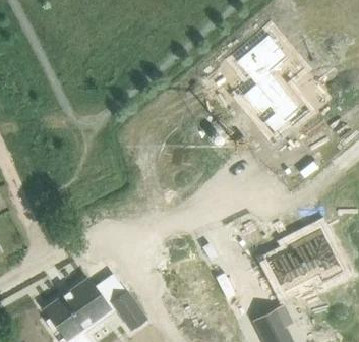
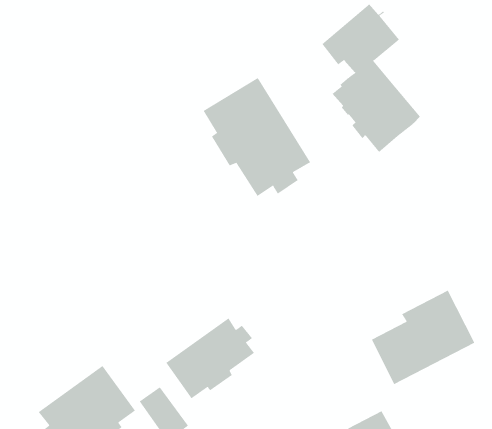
building: none -> [203,77,311,197]
building: none -> [166,317,255,399]

